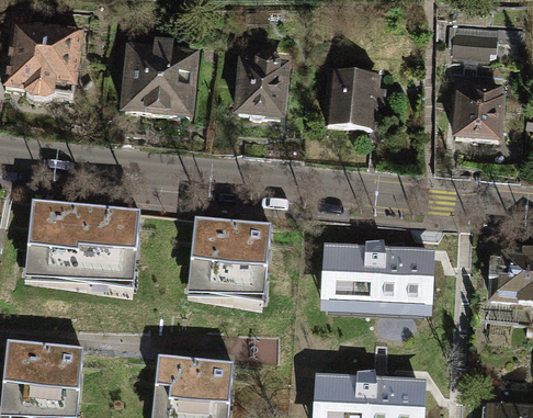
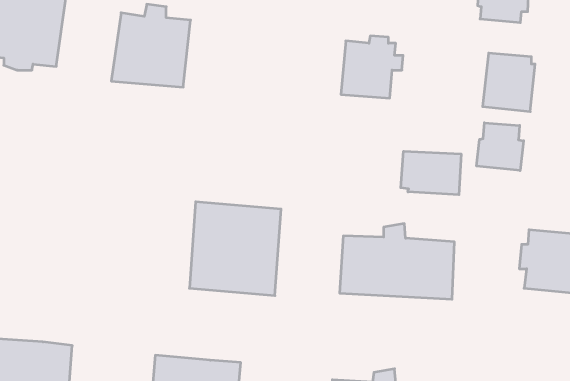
building: [236,50,283,114] -> none
building: none -> [477,123,524,171]
building: none -> [401,151,461,195]
building: [25,199,141,287] -> none

